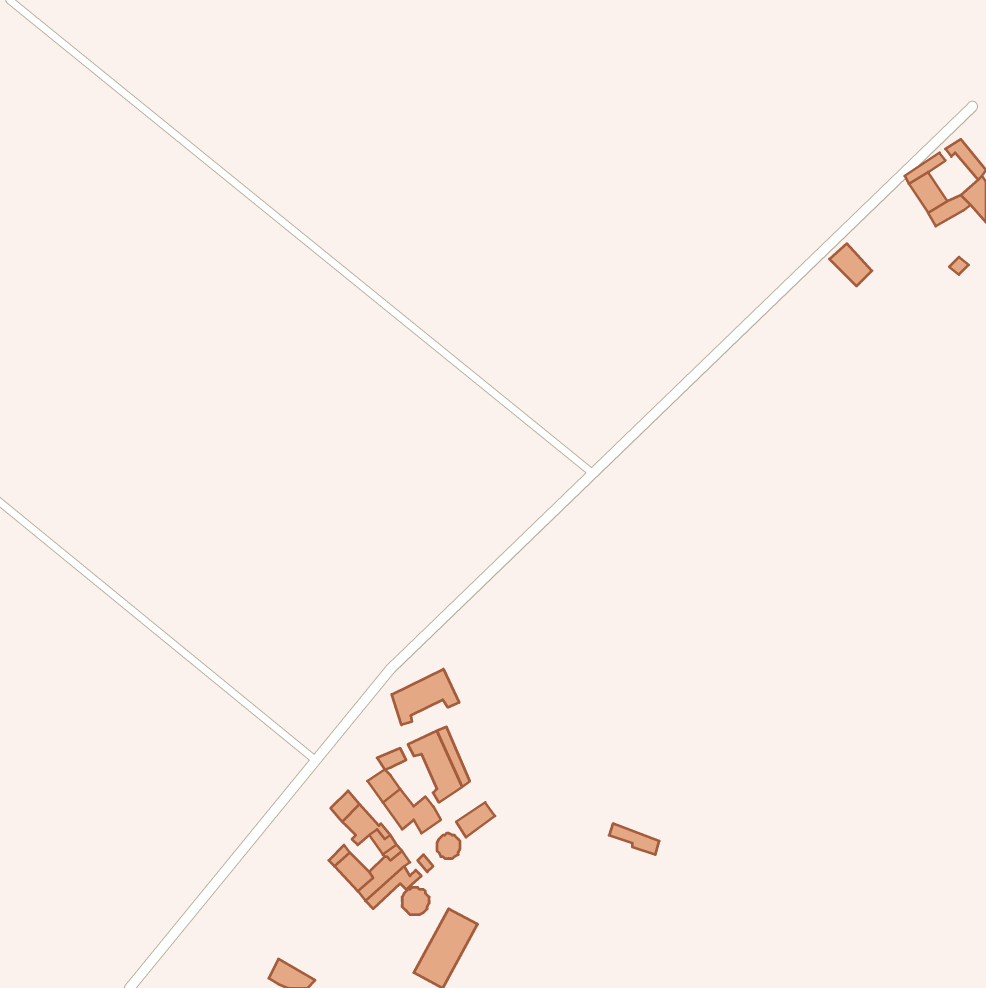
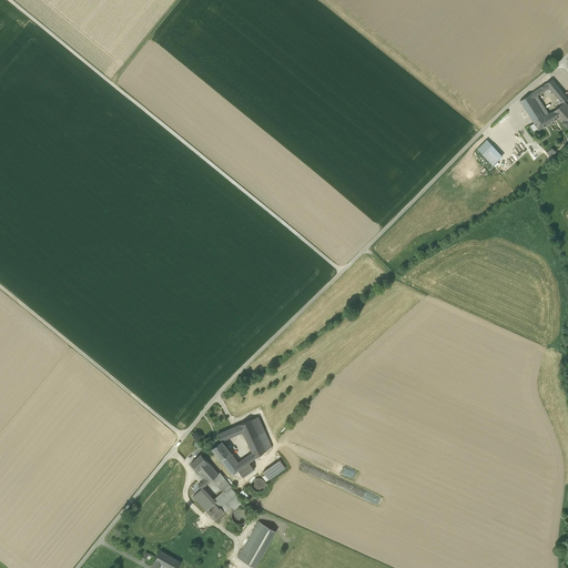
building: [392,669,459,725] -> none

